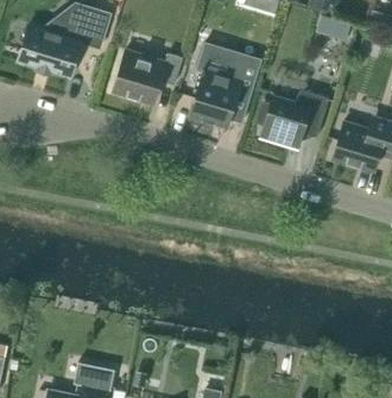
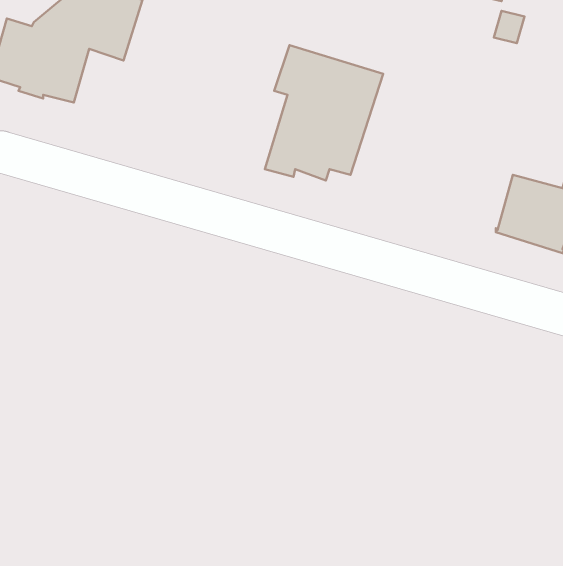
building: [112,50,182,103] -> none
building: [253,90,328,146] -> none

